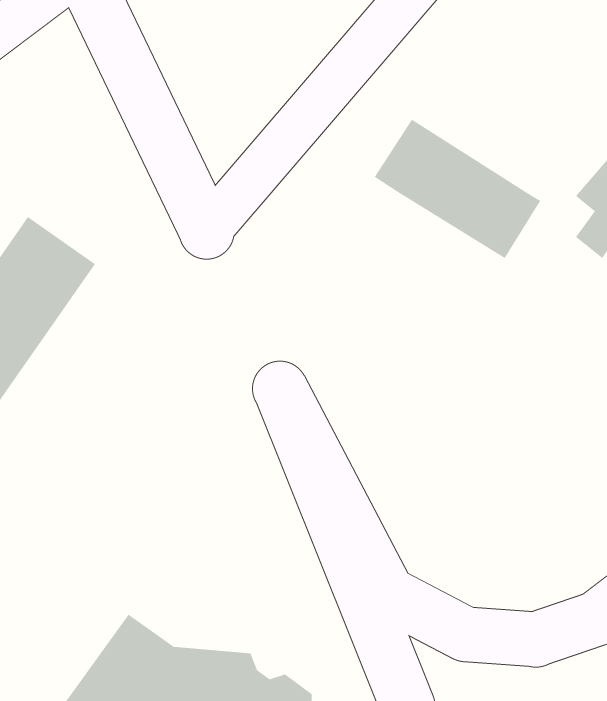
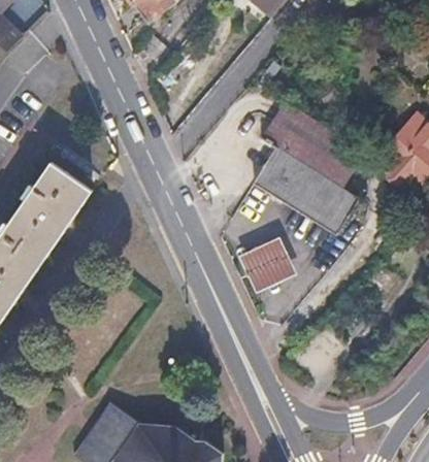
building: none -> [253,148,358,236]
building: none -> [239,236,297,291]

